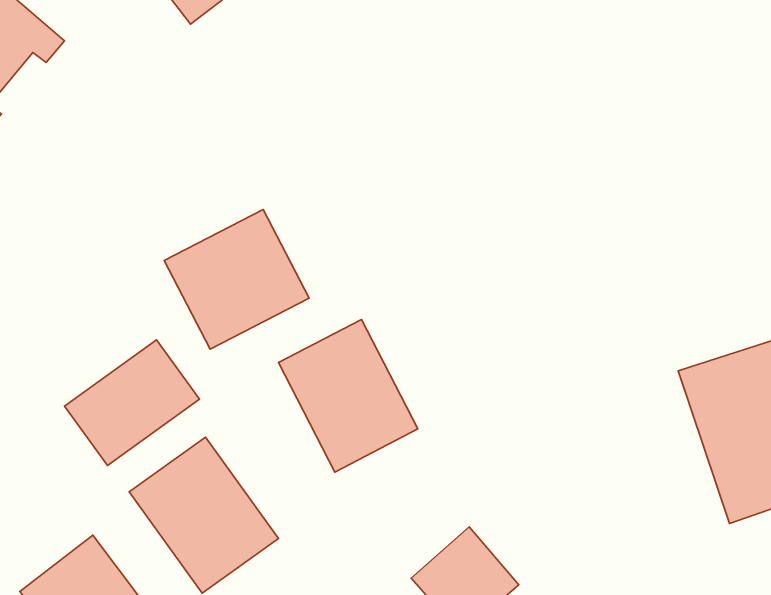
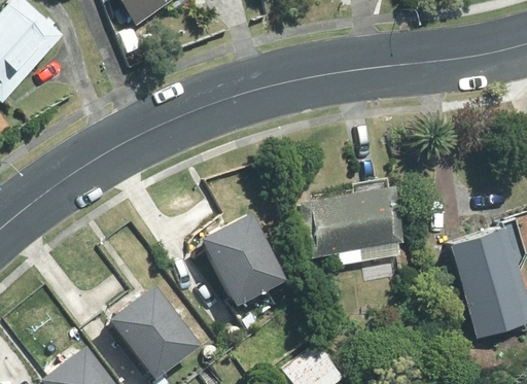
building: [164,210,309,349] -> none
building: none -> [297,185,405,265]
building: [64,340,199,466] -> none

